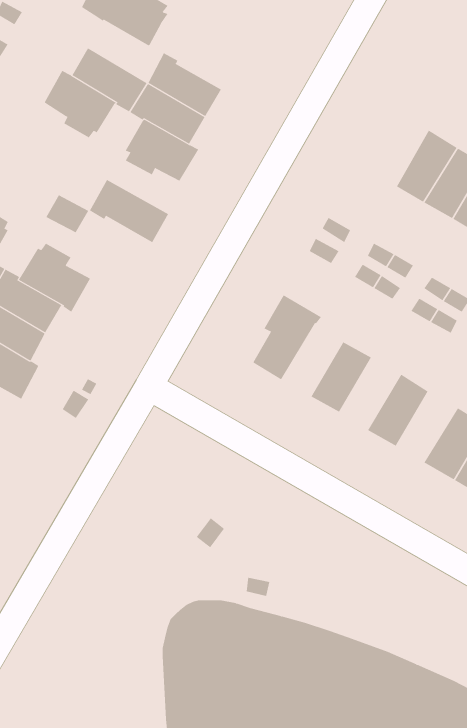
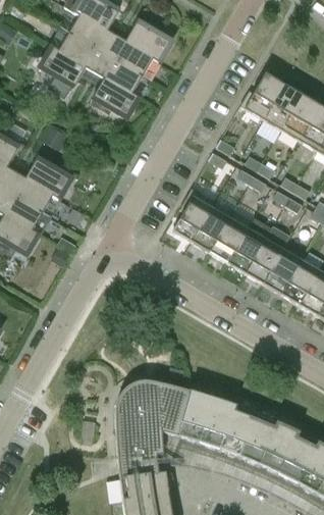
building: none -> [68,15,116,55]
building: none -> [124,19,171,63]
building: none -> [239,73,283,120]
building: [89,179,169,244] -> none
building: none -> [191,207,229,253]
building: none -> [227,218,272,274]
building: none -> [263,250,302,295]

